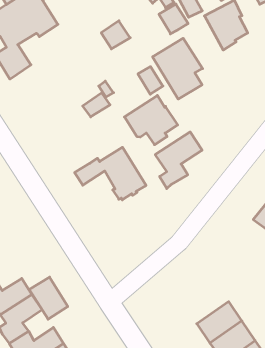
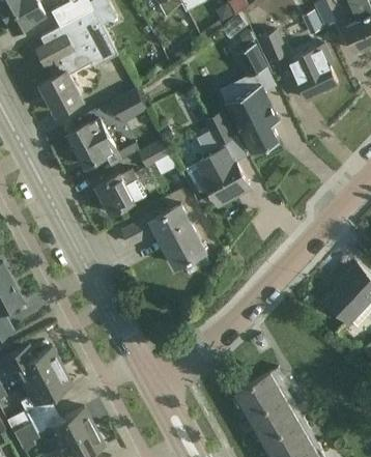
building: [101,21,130,49] -> [112,89,145,121]
building: none -> [65,118,120,168]
building: none -> [94,170,145,216]
building: [155,132,202,189] -> none
building: [29,277,68,319] -> none
building: none -> [234,369,288,418]

